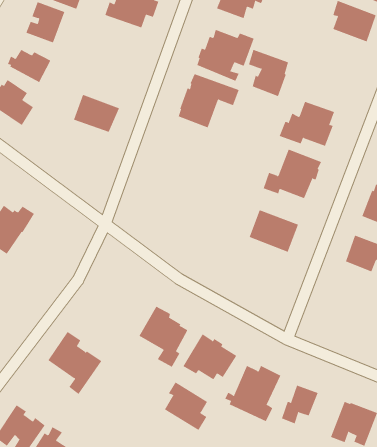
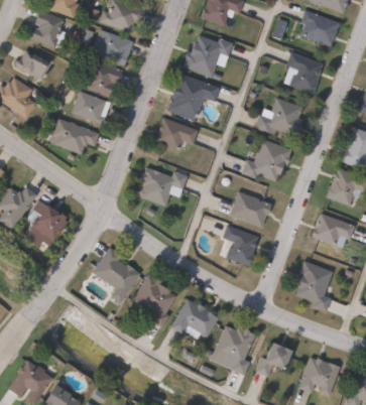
building: none -> [94,31,137,65]
building: [248,49,289,97] -> [285,51,321,93]
building: none -> [87,59,126,96]
building: none -> [152,117,197,150]
building: none -> [55,119,103,154]
building: none -> [137,166,186,207]
building: none -> [29,206,74,248]
building: none -> [221,225,258,266]
building: none -> [294,261,332,311]
building: [47,331,102,395] -> [91,247,138,302]
building: [164,382,208,431] -> none

